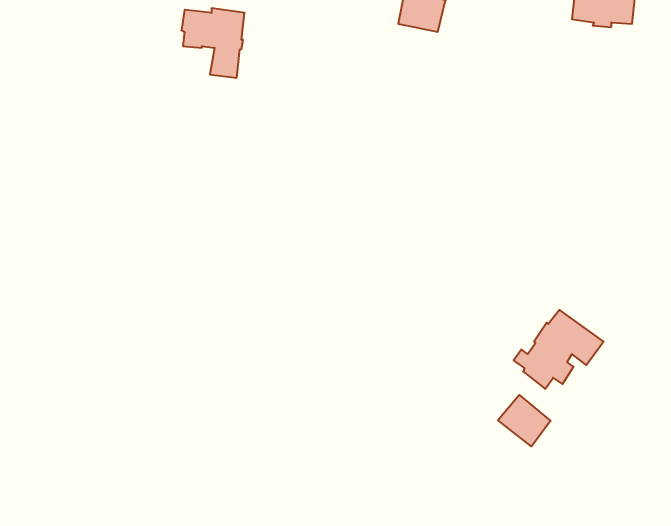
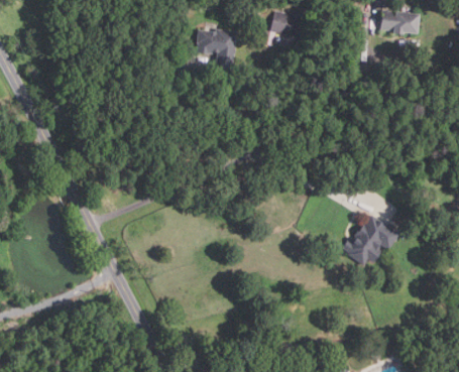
building: [181,8,245,78] -> [196,28,236,73]
building: [498,395,551,446] -> none

